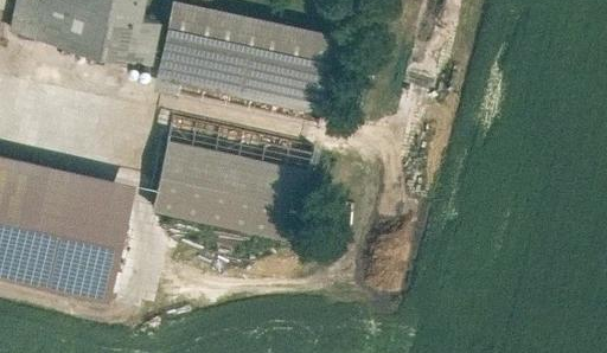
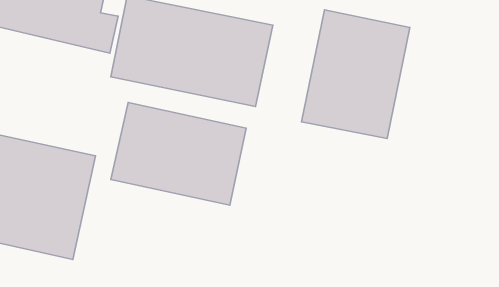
building: none -> [302,10,410,139]

